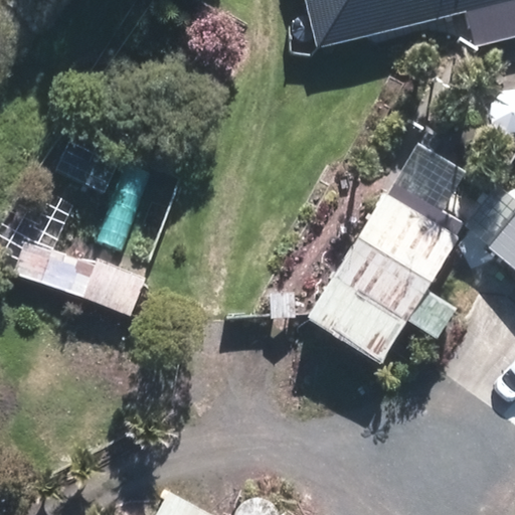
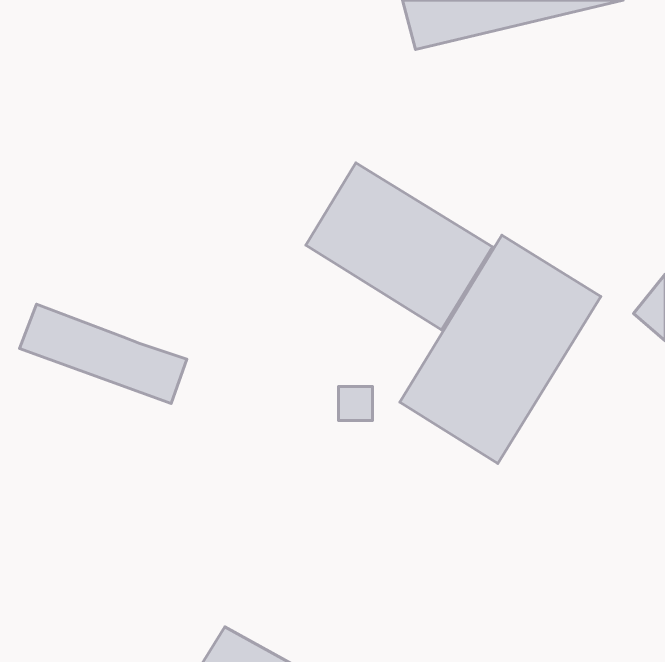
building: none -> [306,163,492,330]

